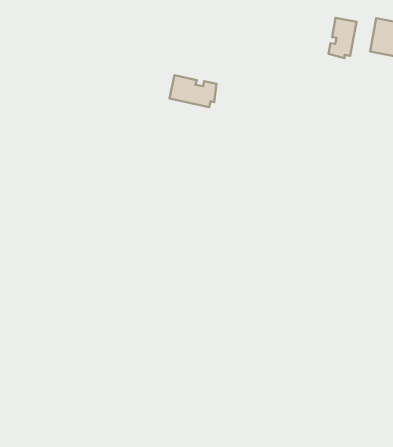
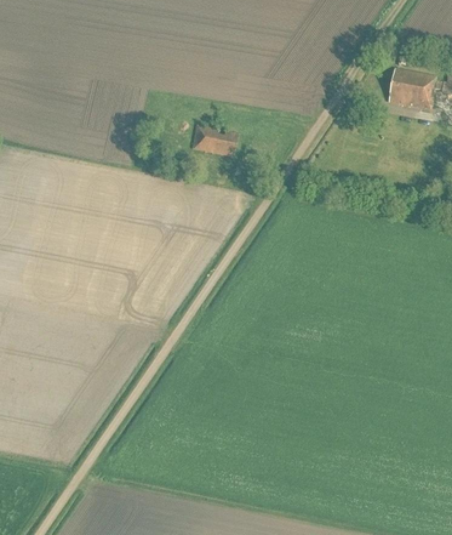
building: [328,18,356,58] -> none

